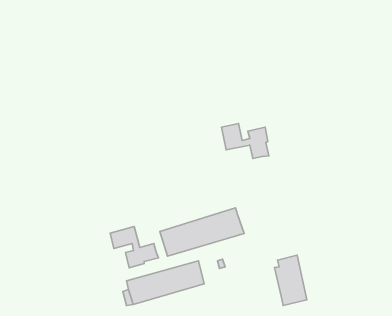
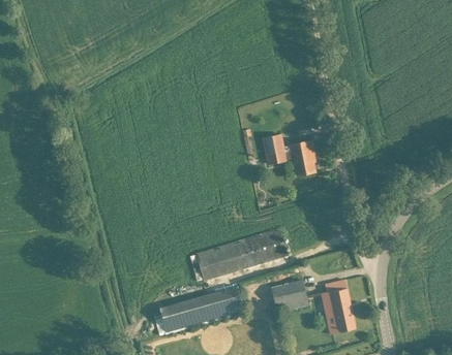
building: [110,226,158,268] -> none
building: none -> [271,279,310,314]

